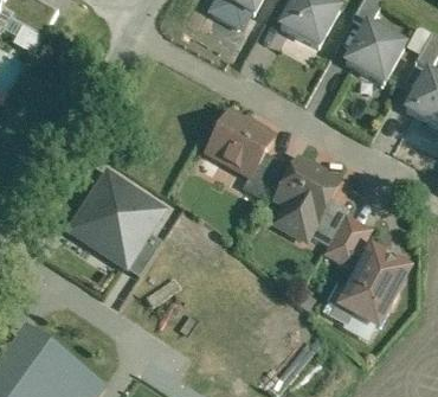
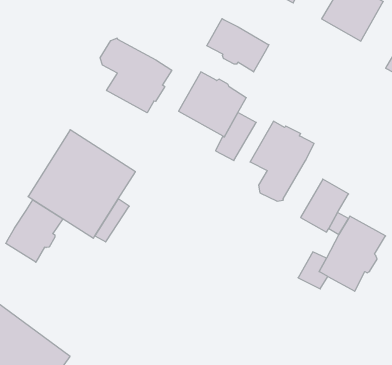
building: none -> [207,19,269,72]
building: none -> [100,38,172,113]
building: [309,196,349,244] -> none
building: none -> [6,200,63,262]

